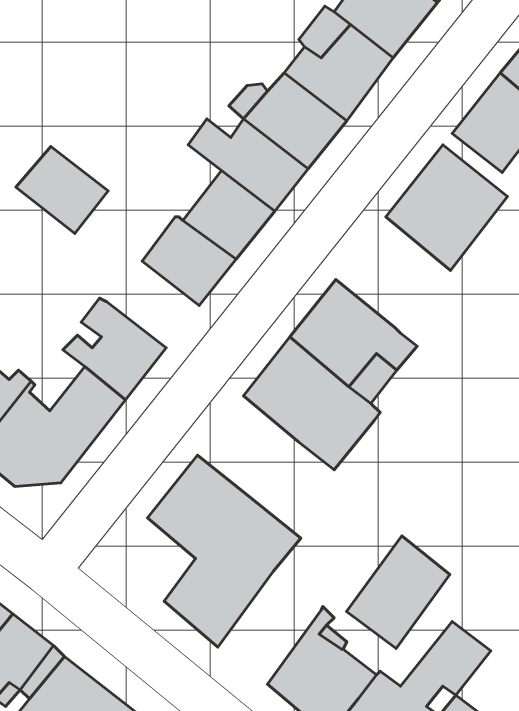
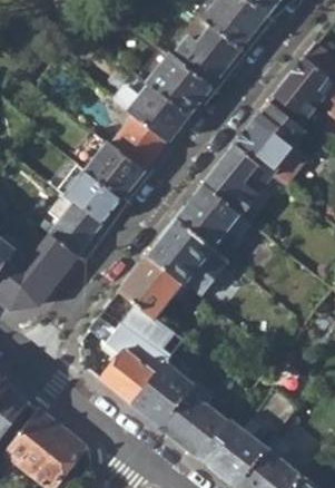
building: [16,147,108,233] -> [66,173,121,225]
building: none -> [204,146,273,216]
building: none -> [120,254,181,316]
building: [346,536,450,648] -> [132,360,195,428]

